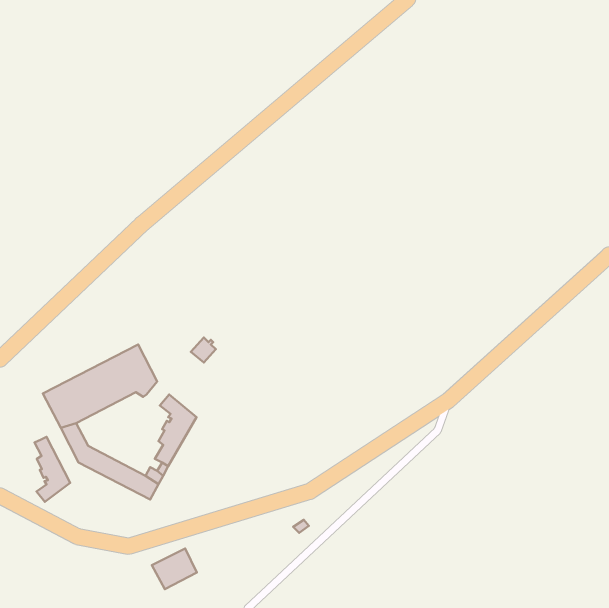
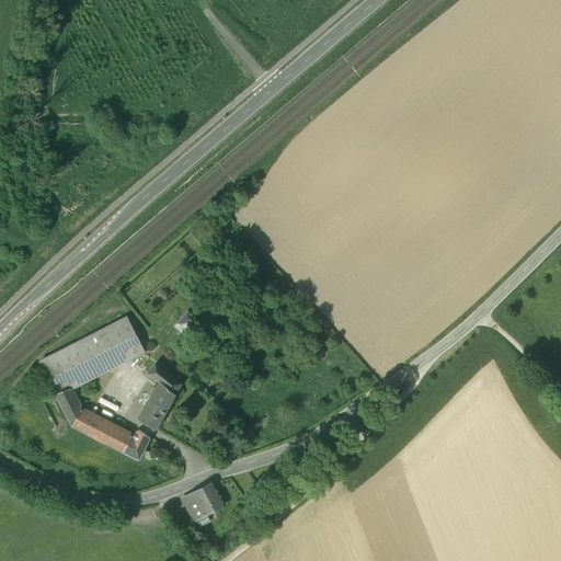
building: [34,437,70,502] -> none
building: [152,549,197,589] -> [182,483,224,520]

